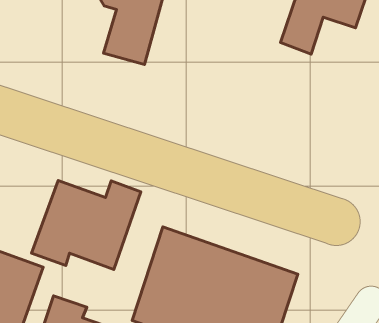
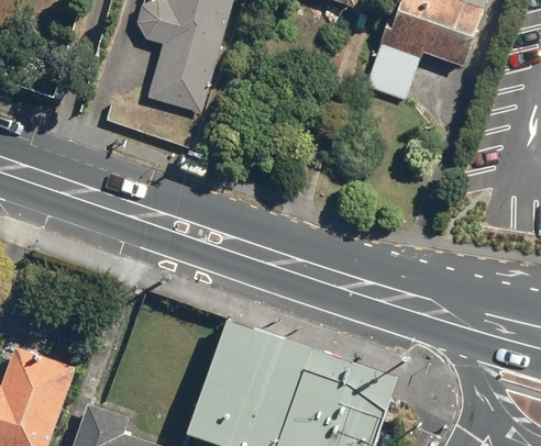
building: [32,180,141,269] -> none

